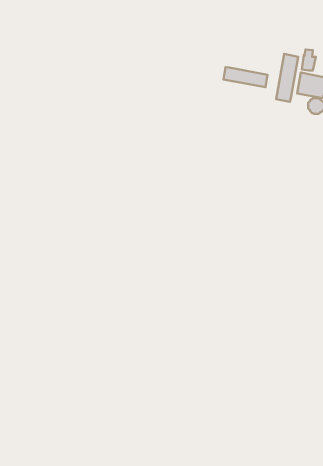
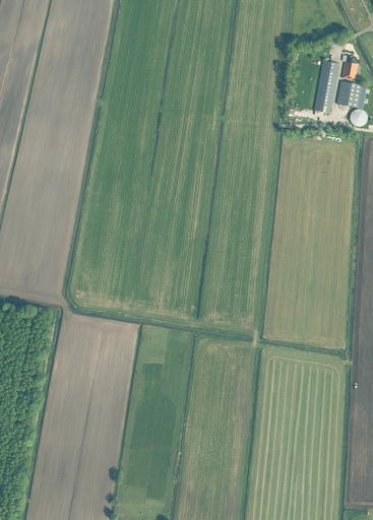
building: [224,67,268,87] -> none

